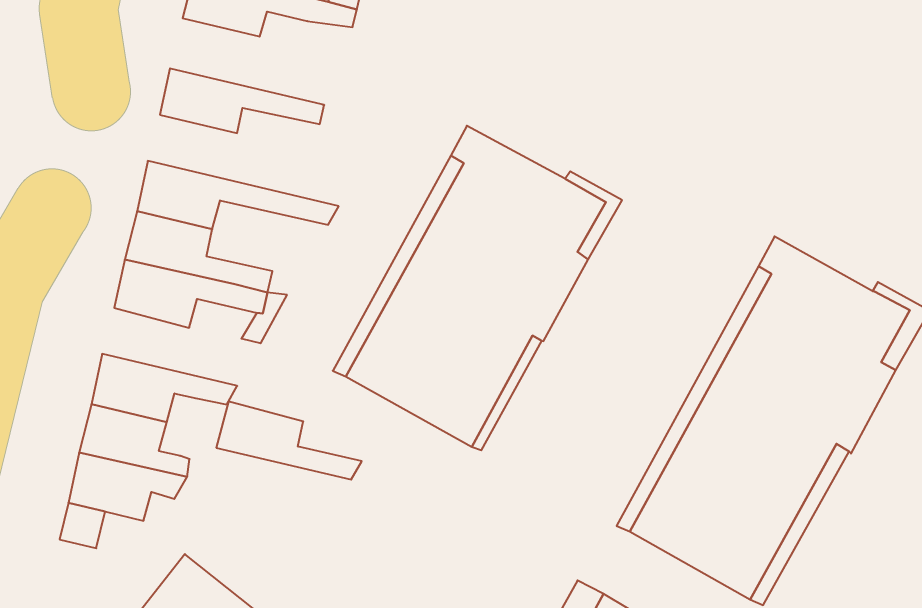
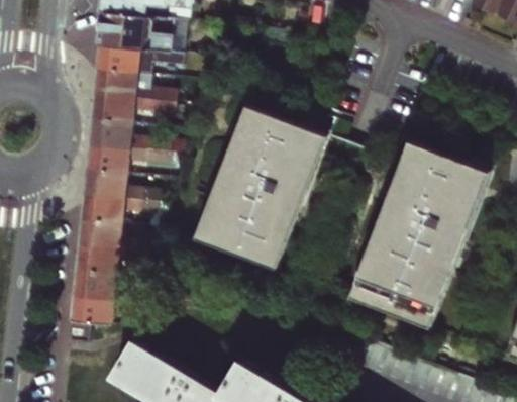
building: none -> [91,71,172,105]
building: none -> [86,121,190,156]
building: [216,402,362,480] -> [76,222,150,254]

